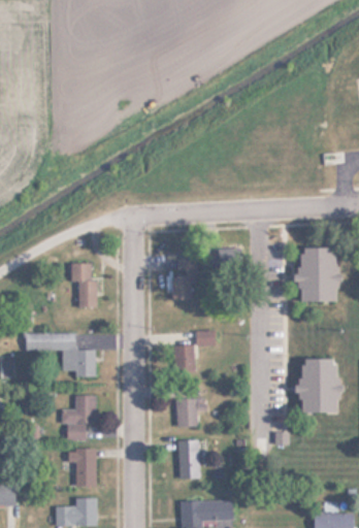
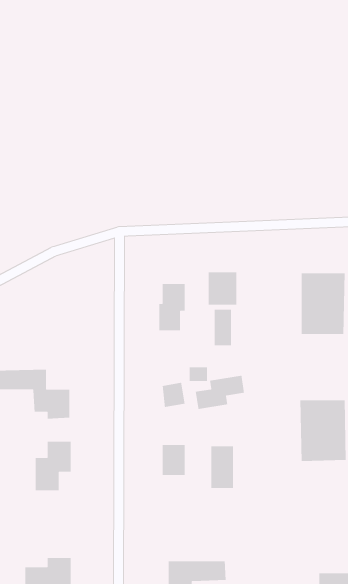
building: [71,264,98,302] -> none
building: none -> [214,309,232,346]
building: none -> [195,375,245,410]
building: [180,440,200,478] -> [210,445,234,489]
building: [69,449,96,488] -> none

